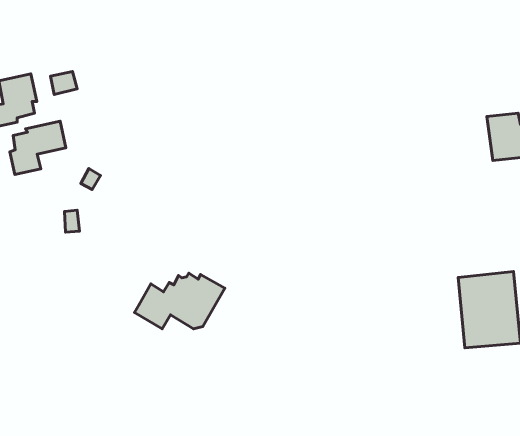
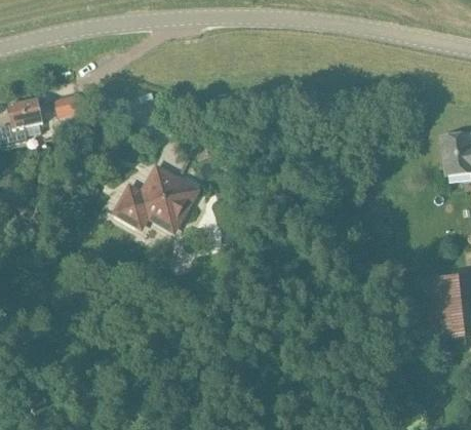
building: [10,121,66,174] -> none
building: [134,273,225,329] -> [116,177,196,226]

